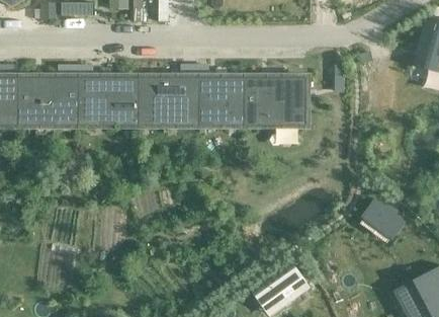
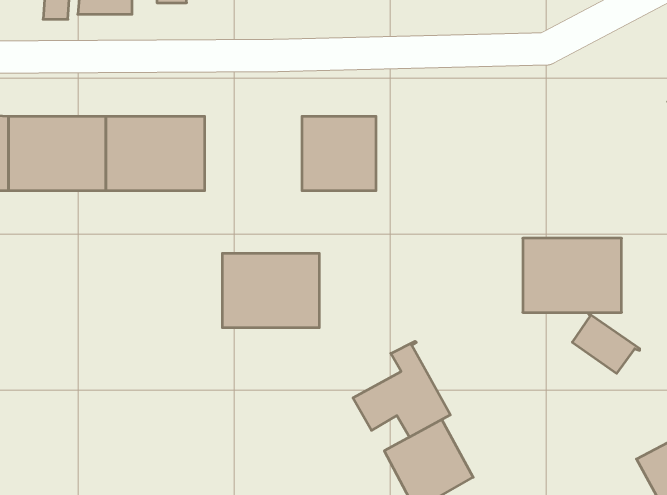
building: [139,78,198,124] -> [222,253,319,328]
building: [244,78,304,124] -> [523,238,622,312]
building: none -> [353,341,450,437]

